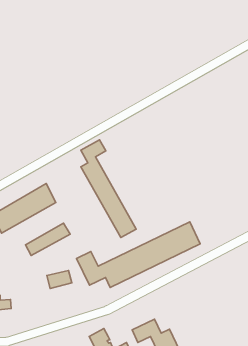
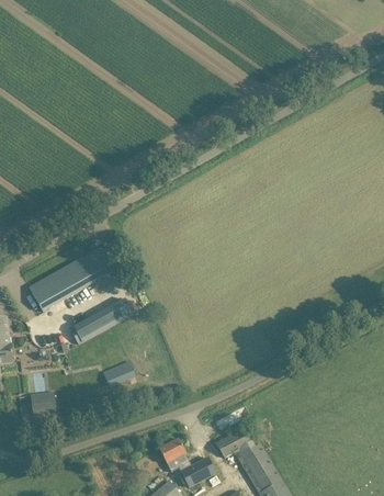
building: [81,140,136,237] -> none
building: [77,222,200,287] -> none

